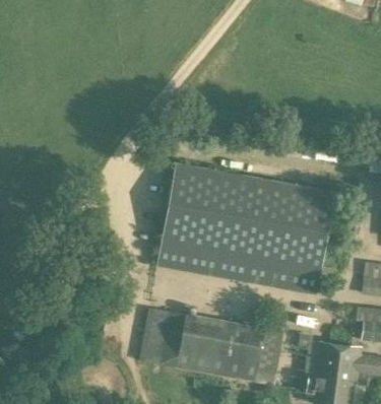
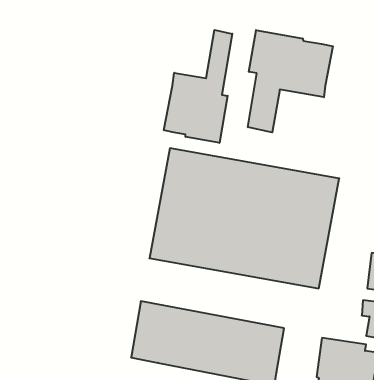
building: none -> [164,30,232,143]
building: none -> [248,30,333,132]

